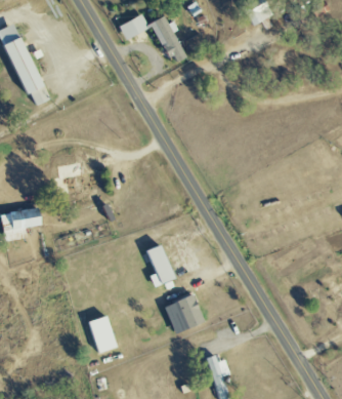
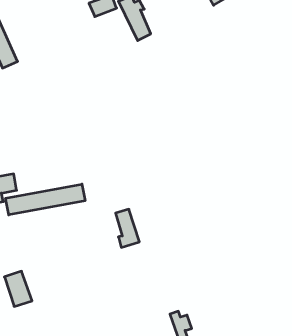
building: none -> [6,184,85,215]
building: [169,293,205,333] -> none
building: [87,315,117,353] -> [4,271,32,306]

